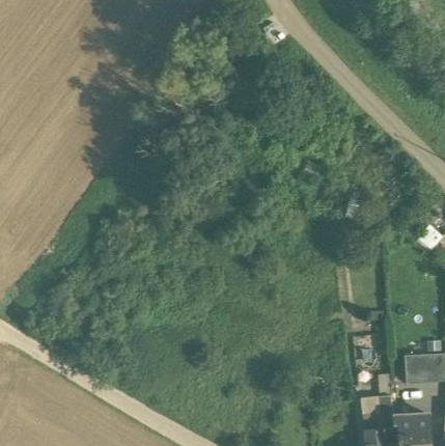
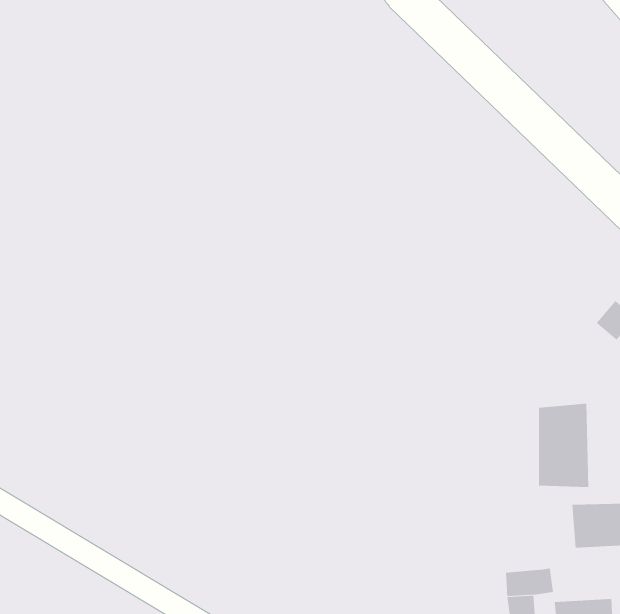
building: none -> [538,403,589,488]

